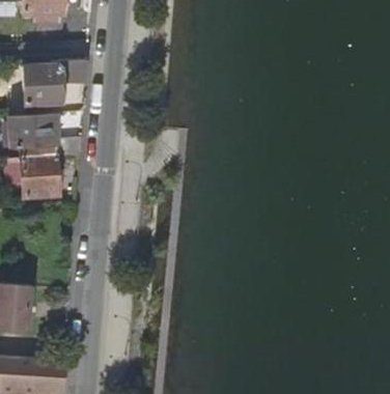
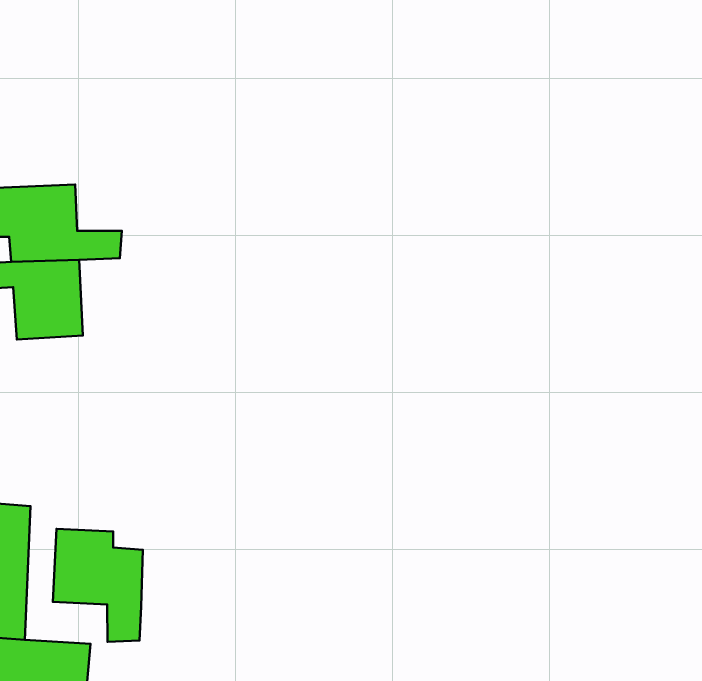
building: [20,62,83,105] -> none
building: none -> [53,529,143,642]

